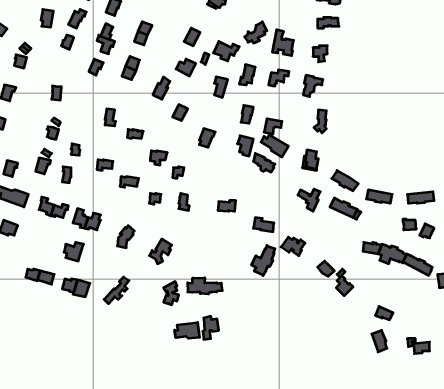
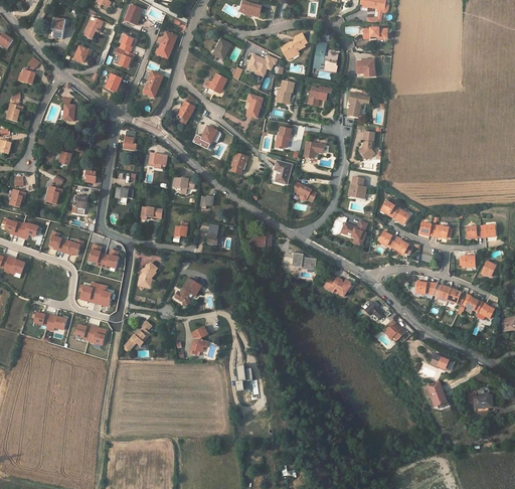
building: [261,135,288,157] -> none
building: [252,245,275,276] -> none
building: [188,278,222,294] -> none
building: [175,322,200,338] -> none

